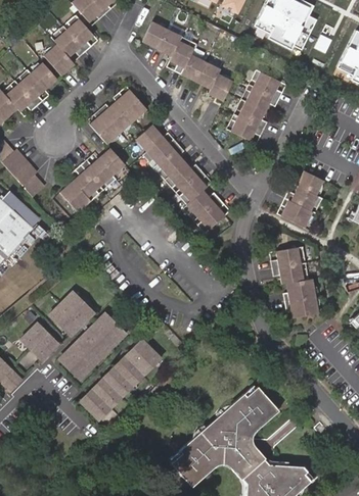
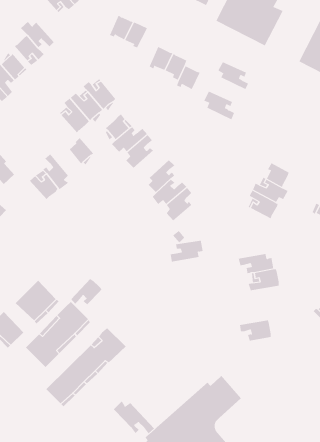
building: [69,14,95,51] -> none
building: [170,37,194,76] -> none
building: [242,87,280,111] -> none
building: [227,117,266,142] -> none
building: [83,158,118,186] -> none
building: [167,160,203,188] -> none
building: [271,247,305,269] -> [170,240,203,262]
building: none -> [71,278,102,305]
building: [284,297,317,318] -> [239,320,272,341]
building: none -> [113,401,155,434]

